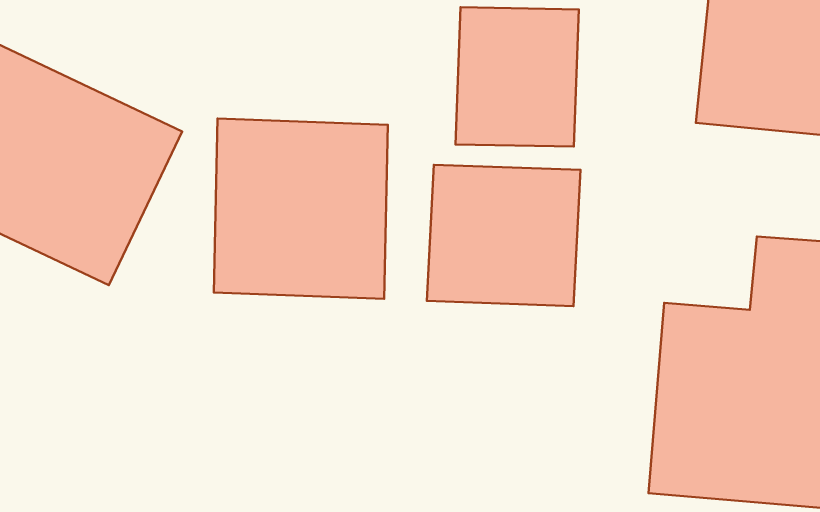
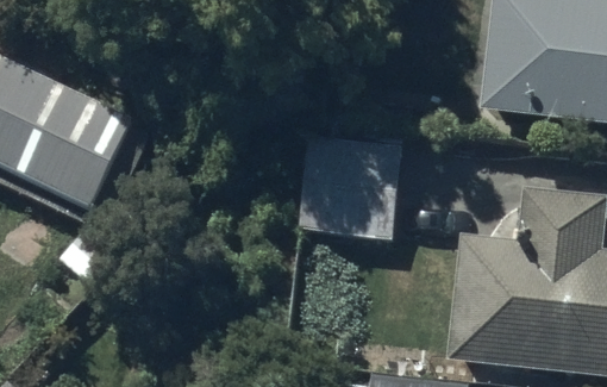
building: [456,7,579,147] -> none
building: [214,119,388,299] -> none

